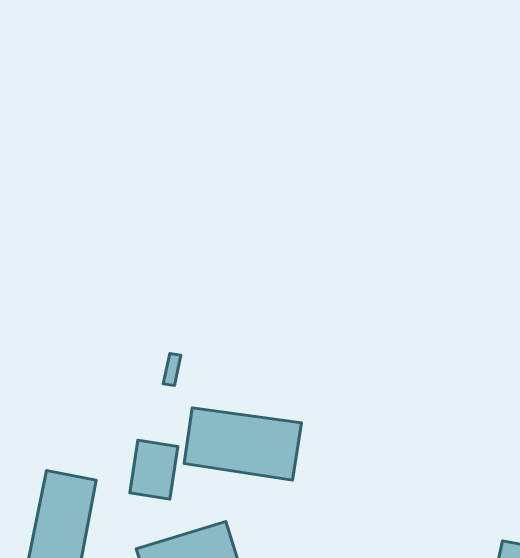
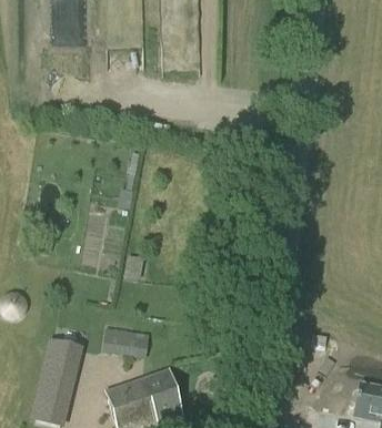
building: [184,408,301,480] -> none

